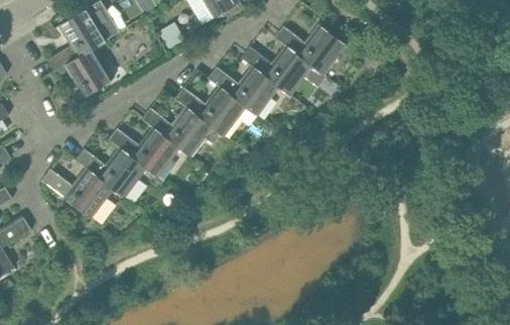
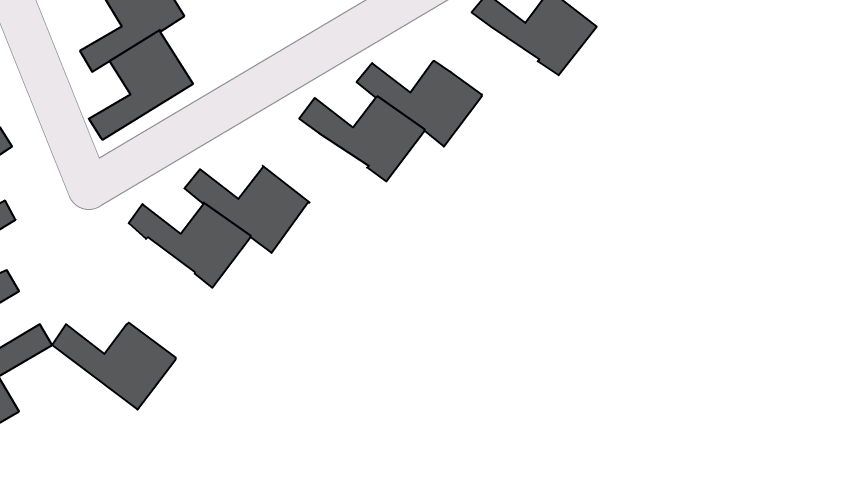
building: [240,45,312,94] -> none
building: [140,107,214,156] -> none
building: [41,168,113,218] -> [52,323,176,410]

